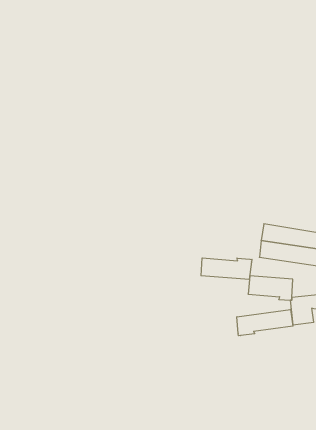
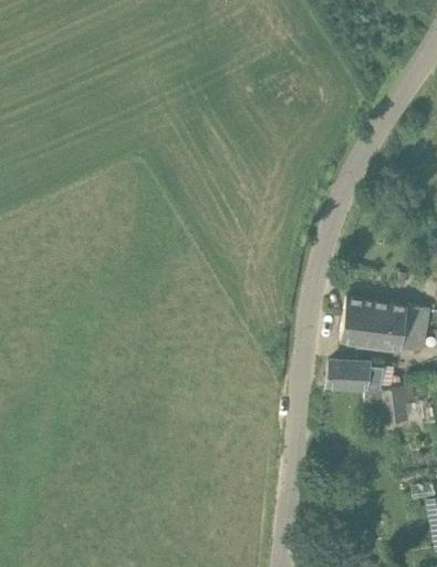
building: [201,258,252,280] -> none
building: [237,309,293,336] -> none

